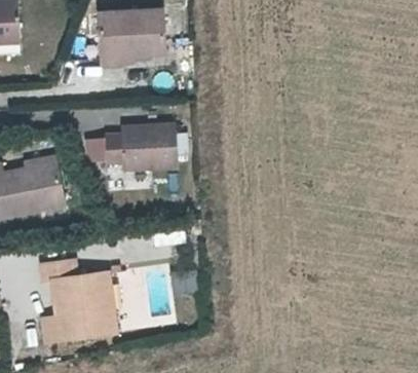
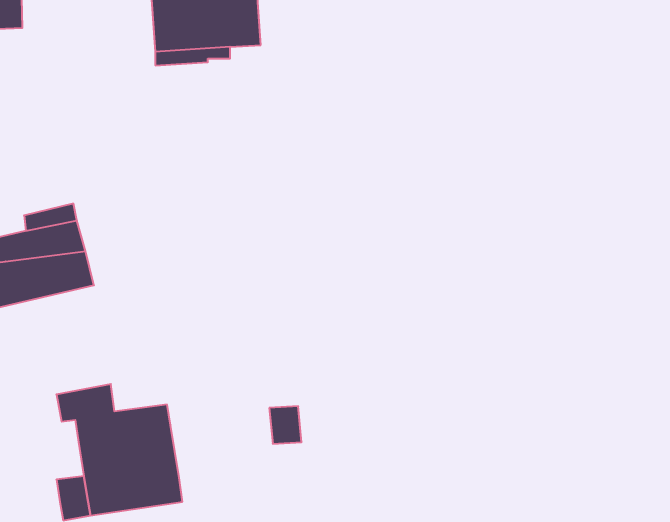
building: [105,125,179,169] -> none

